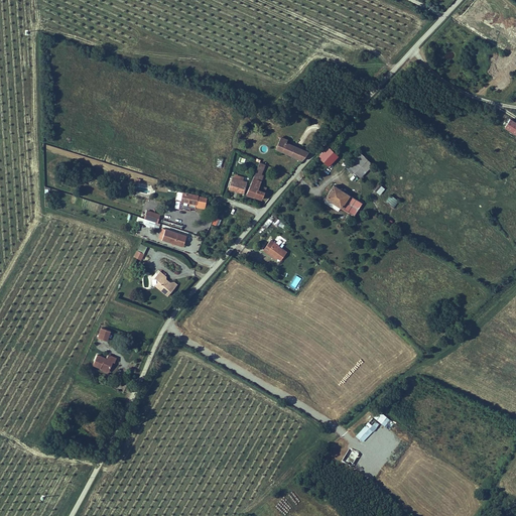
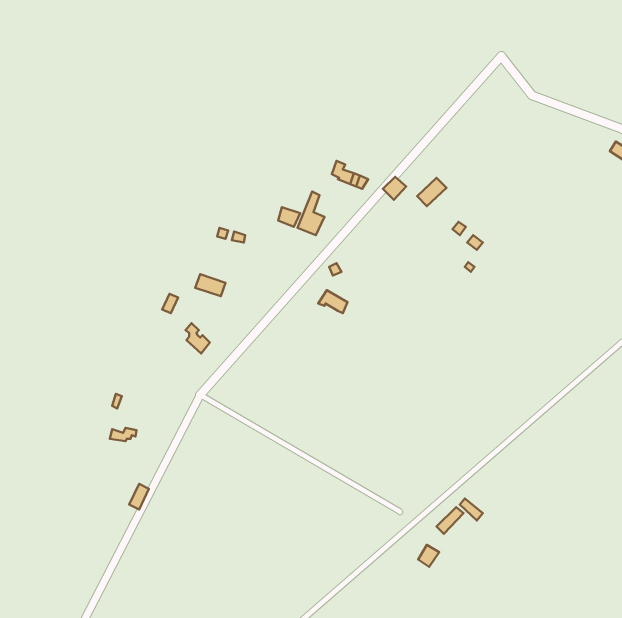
building: [328,184,359,214] -> none

